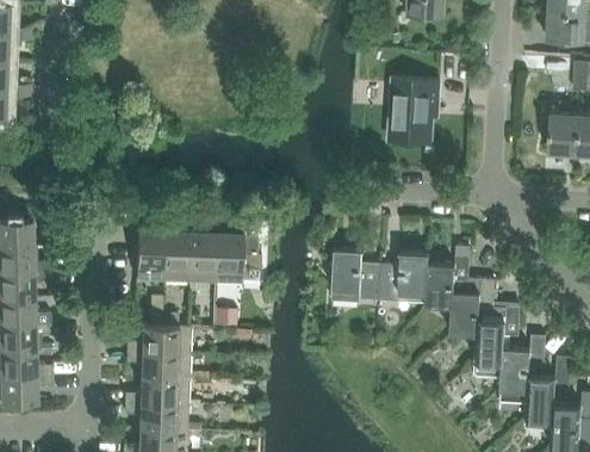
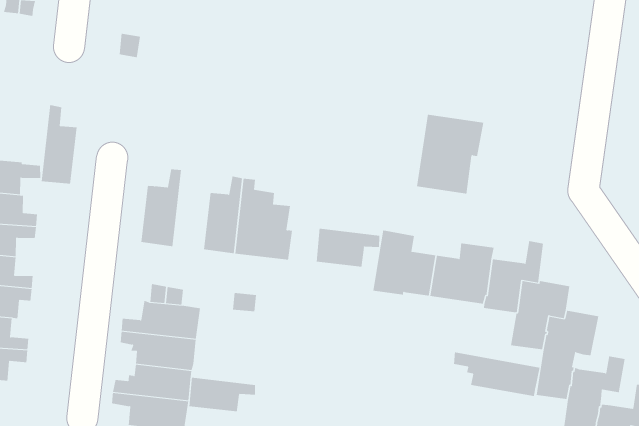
building: [389,79,440,142] -> [416,114,484,194]
building: [163,213,190,278] -> [41,105,78,184]
building: none -> [316,228,380,267]
building: none -> [453,351,540,397]
building: none -> [189,377,256,412]

